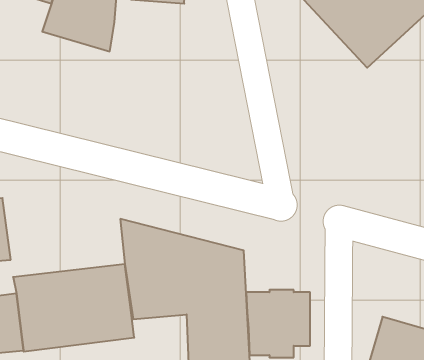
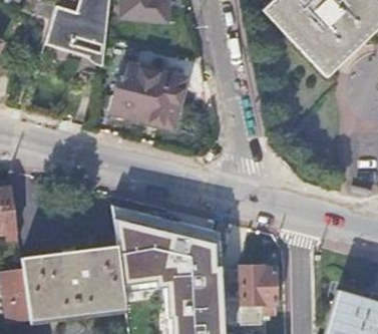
building: none -> [111,62,186,127]

